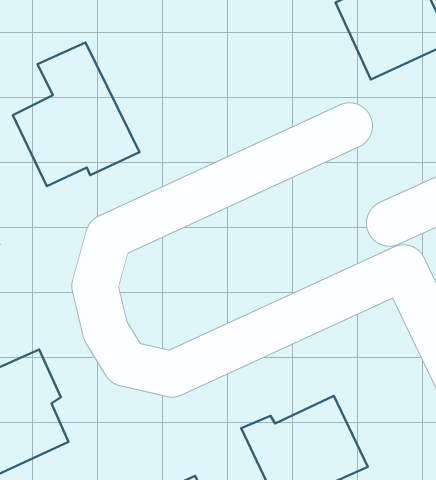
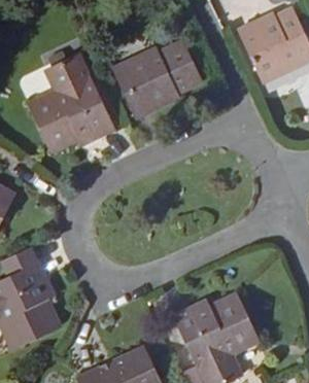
building: none -> [113,41,201,117]

